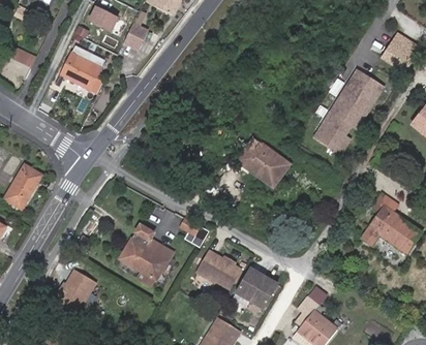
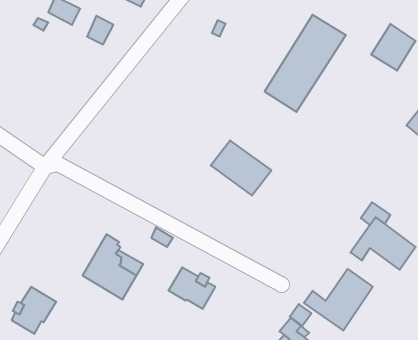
building: [56,53,104,92] -> none
building: [312,68,386,156] -> [265,15,346,112]
building: none -> [304,269,373,331]
building: [236,273,275,308] -> none

